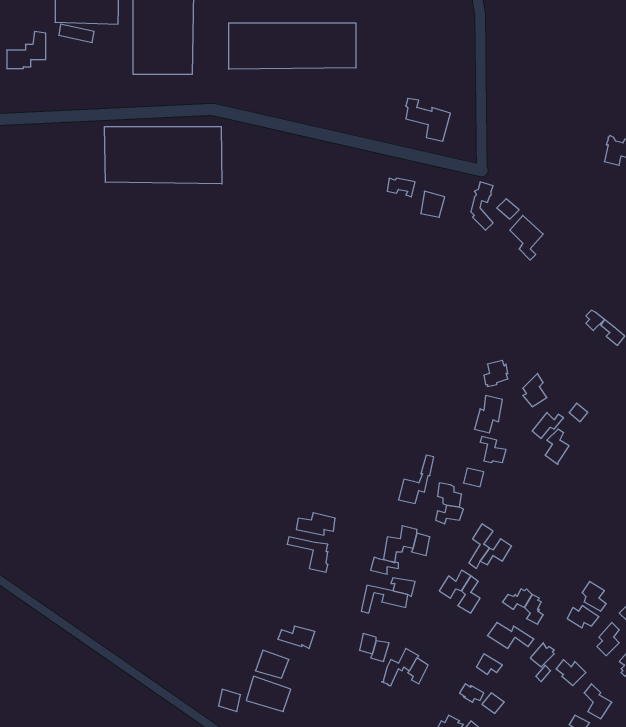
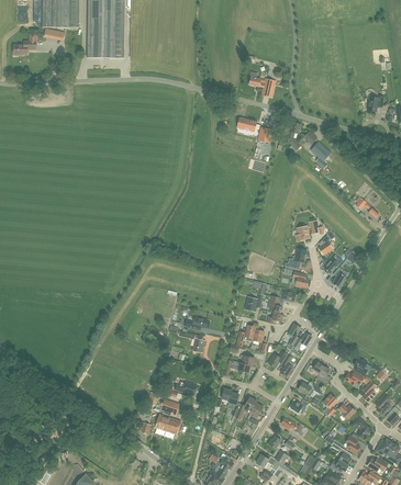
building: [229,23,356,69] -> none
building: [105,127,222,184] -> none

